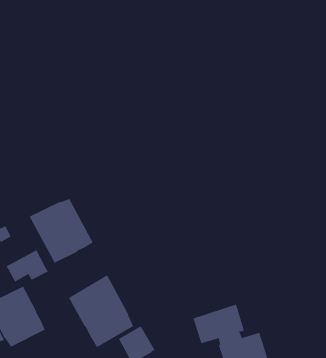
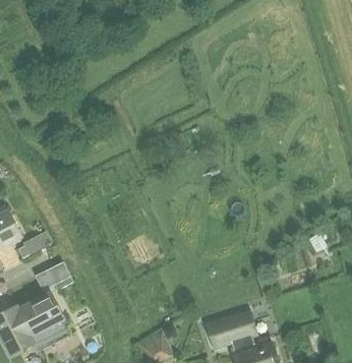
building: [29,198,93,264] -> none
building: [68,275,134,348] -> none

